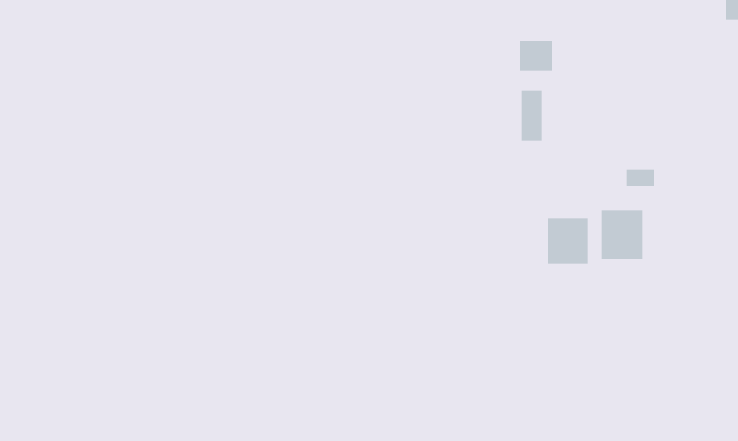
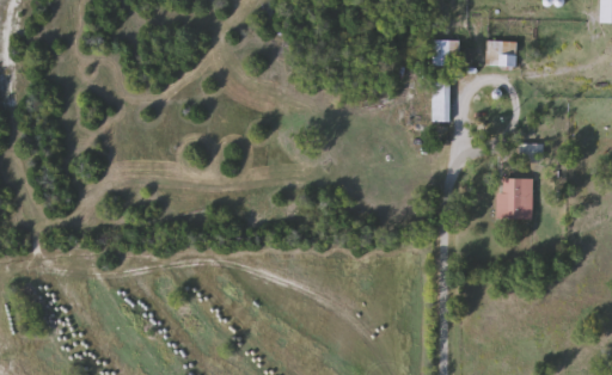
building: none -> [486,41,516,67]
building: [547,218,588,265] -> none

